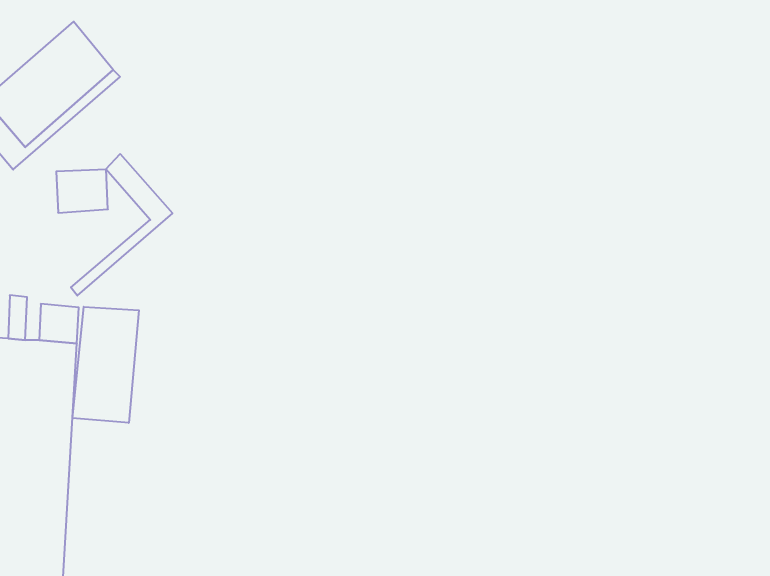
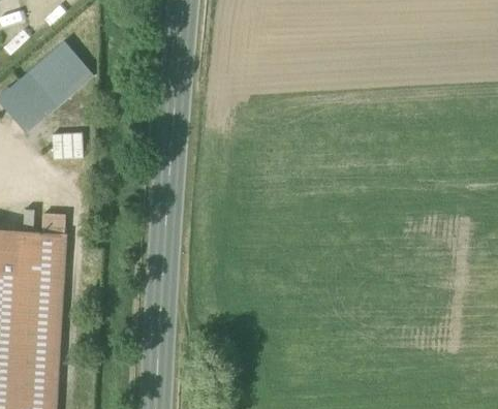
building: [71,154,172,296] -> none
building: [73,307,139,423] -> none

